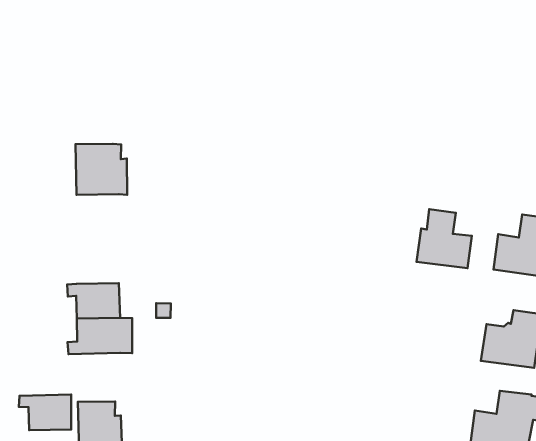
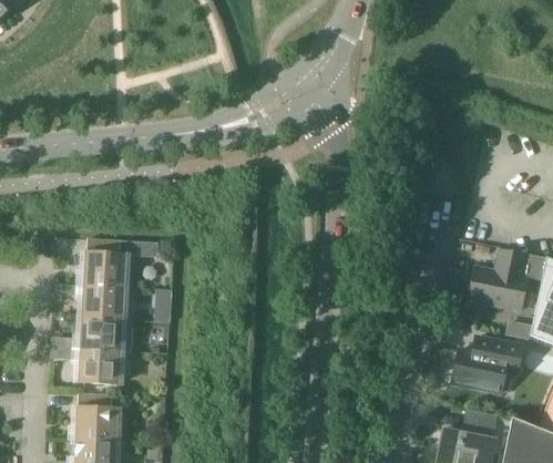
building: [75,144,127,195] -> [84,240,133,290]
building: [417,209,472,268] -> none
building: [19,395,71,430] -> [71,351,120,385]

